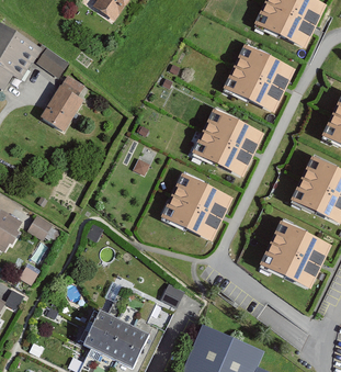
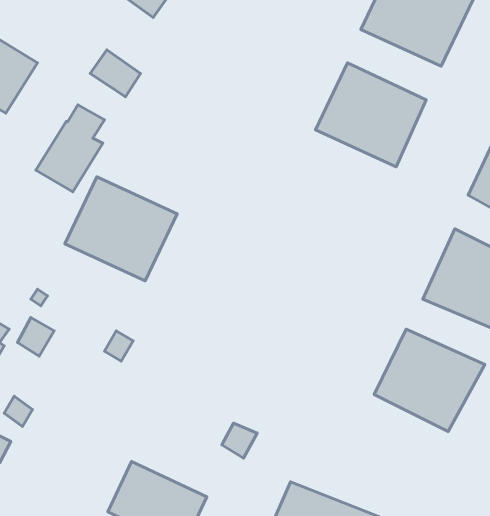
building: [35,47,68,78] -> [90,50,141,97]
building: [192,110,265,178] -> none
building: [161,176,235,244] -> [65,177,177,281]

